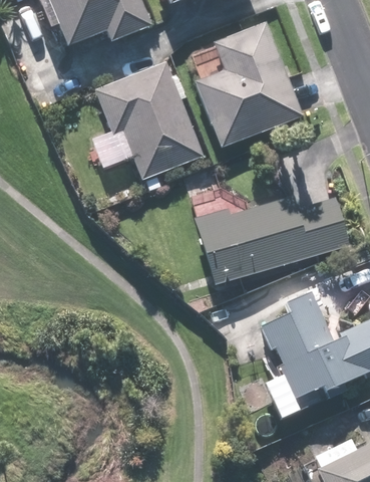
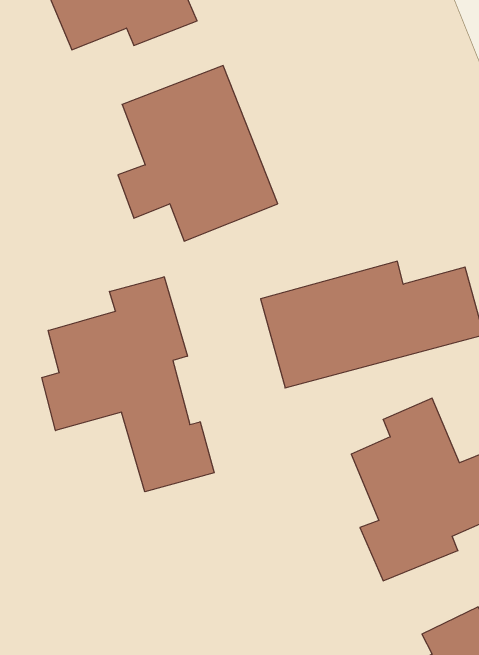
building: [192,20,308,148] -> none
building: none -> [42,277,214,492]

